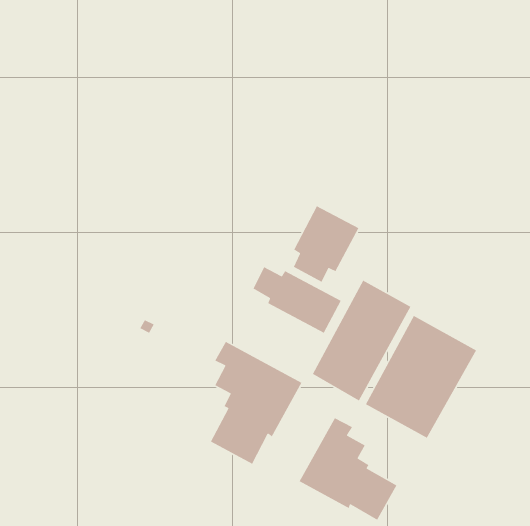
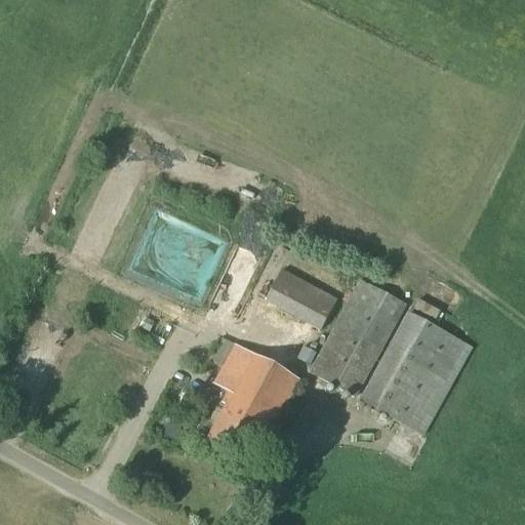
building: [293,205,359,283] -> none
building: [299,417,398,521] -> none

